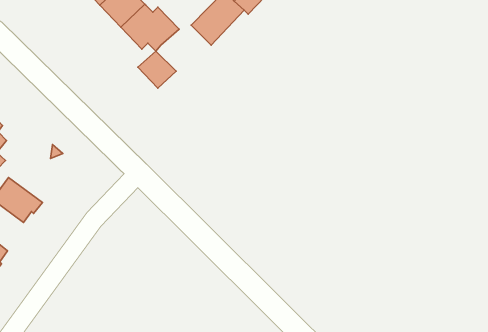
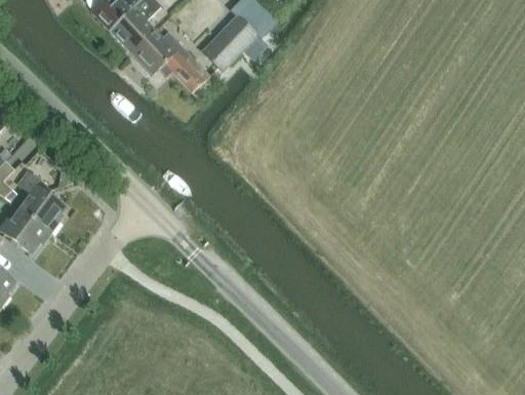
building: [138,51,176,88] -> [171,54,210,92]
building: none -> [15,171,65,232]

